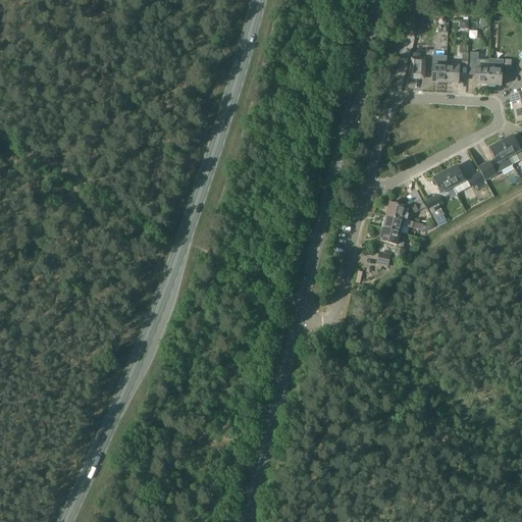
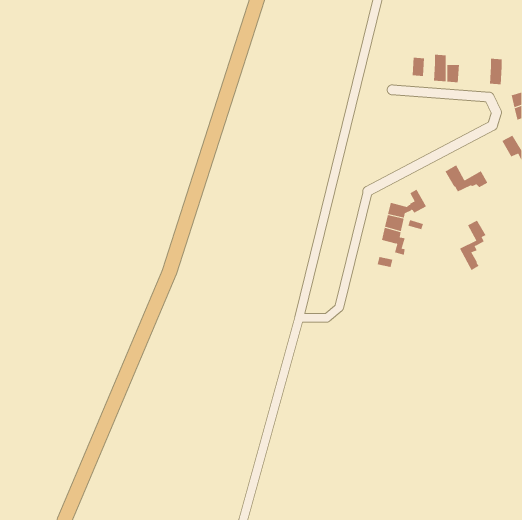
building: [469,51,489,84] -> none
building: [484,141,513,176] -> none
building: [425,171,453,222] -> [459,220,487,271]

